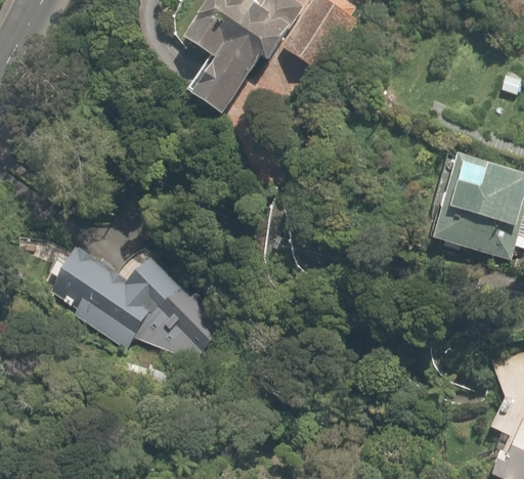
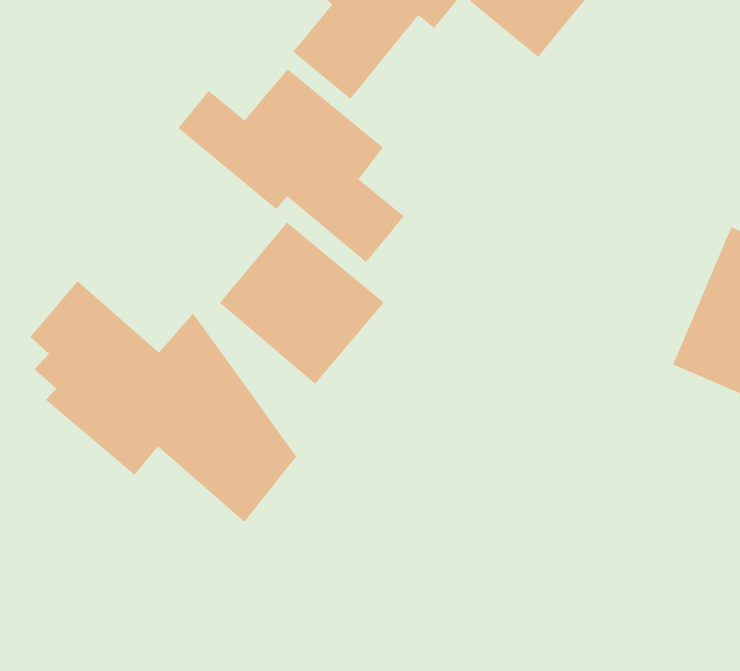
building: none -> [177,68,405,263]
building: none -> [219,222,385,385]

